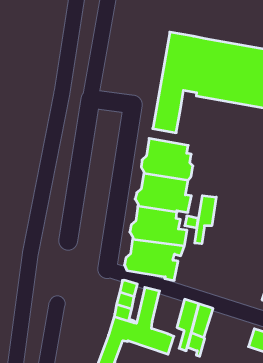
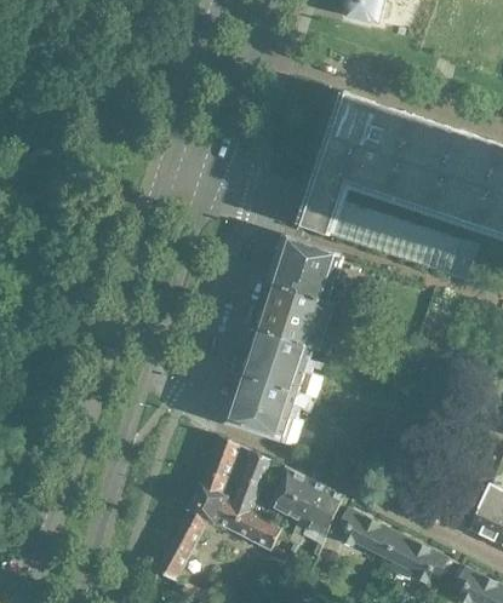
building: [195,196,216,244] -> none
building: none -> [251,466,304,522]
building: none -> [338,509,398,557]

